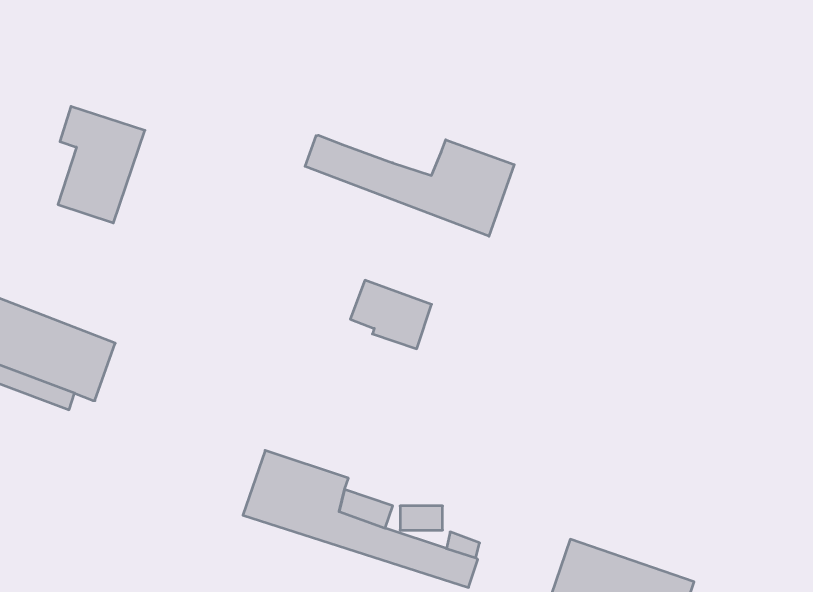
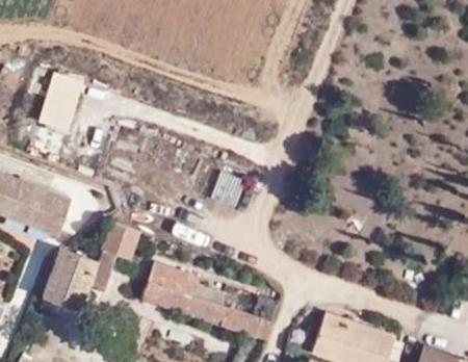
building: [305,135,514,236] -> none
building: none -> [47,221,140,309]

